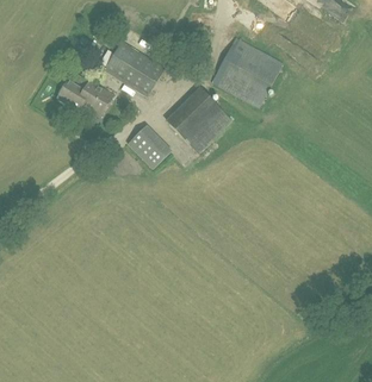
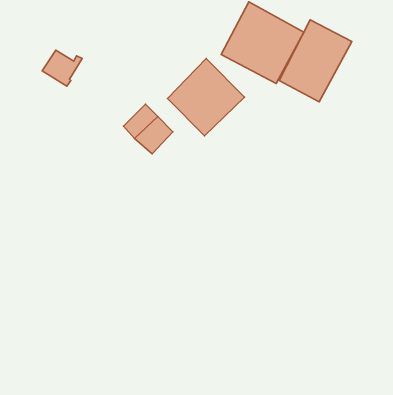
building: [103,40,163,96] -> none
building: none -> [279,20,352,102]
building: [80,80,112,115] -> none

